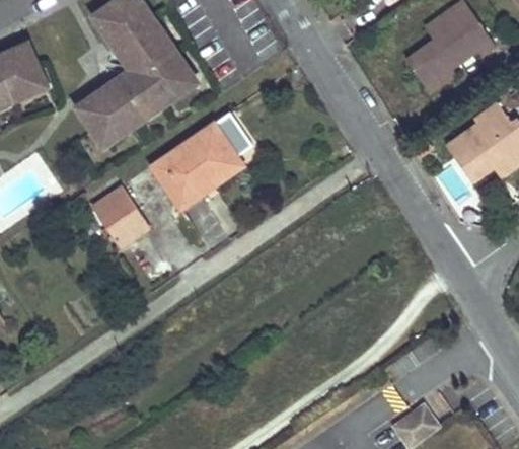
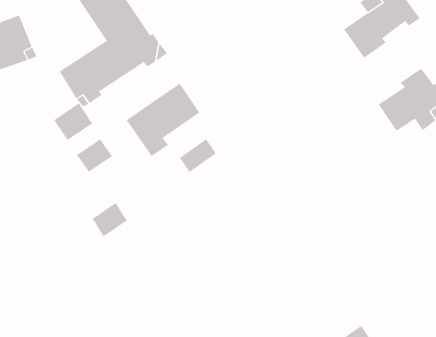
building: none -> [54,103,93,141]
building: none -> [179,139,216,173]
building: [109,206,151,246] -> [92,202,128,237]

